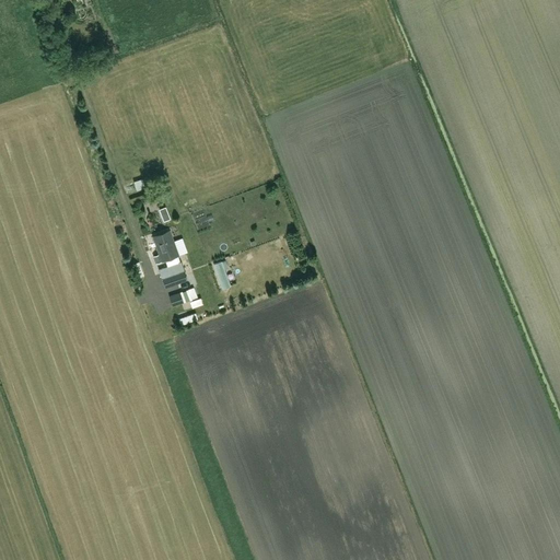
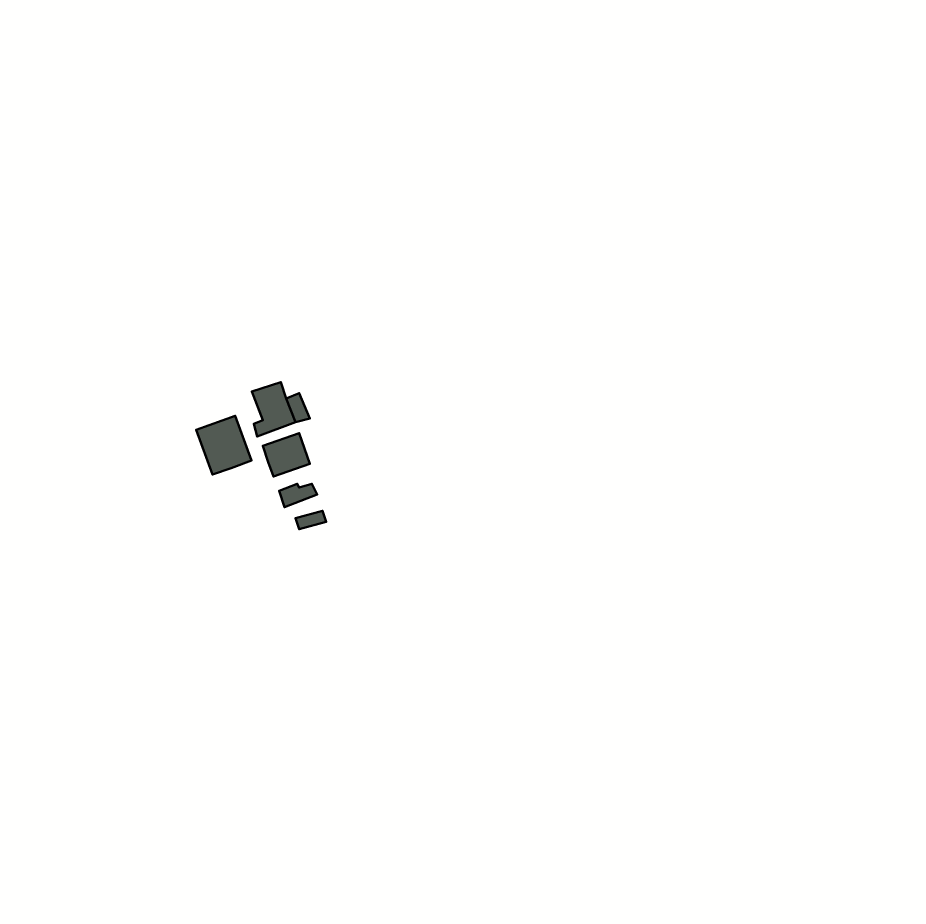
building: none -> [196,416,252,475]

